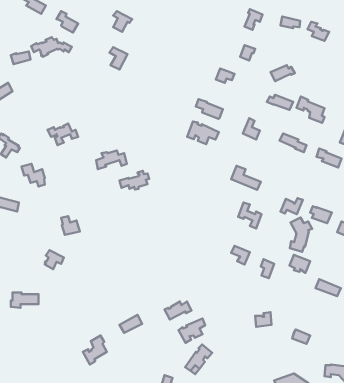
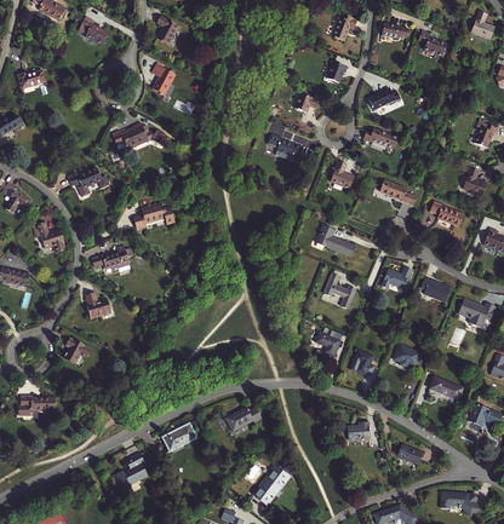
building: [31,37,72,57] -> [113,122,167,149]
building: [296,97,325,123] -> none
building: [187,121,219,144] -> none
building: [120,171,149,190] -> [92,244,132,270]
building: [290,218,312,252] -> none
building: [179,319,205,343] -> none

